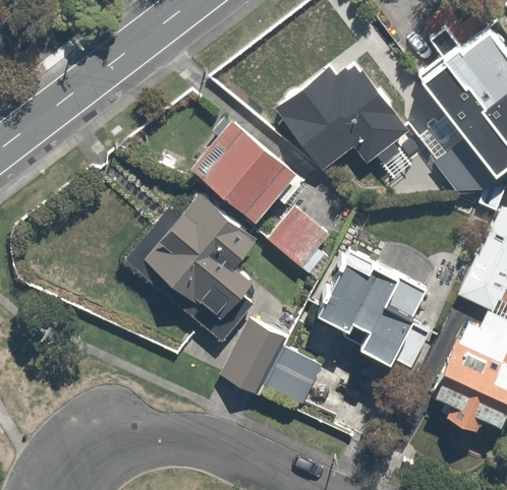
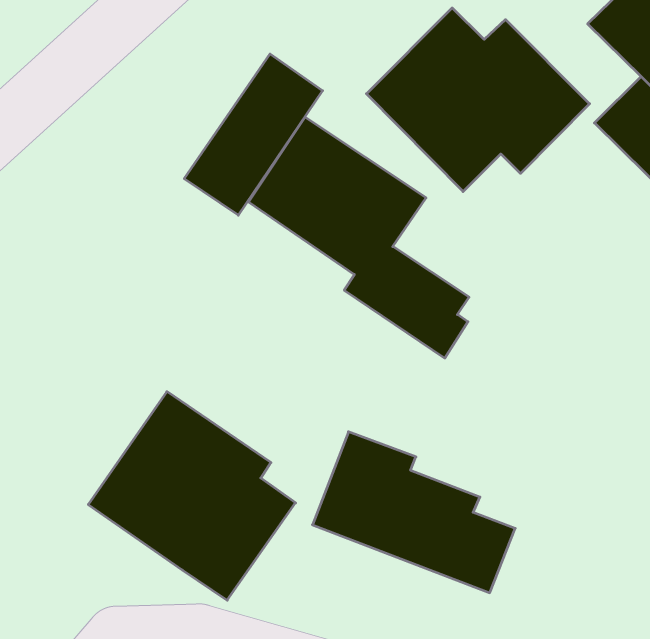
building: none -> [184,54,323,215]
building: [144,194,273,327] -> [88,392,296,600]
building: [321,265,426,372] -> none

